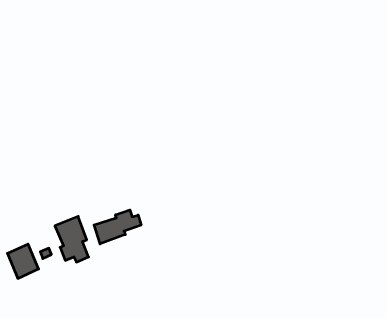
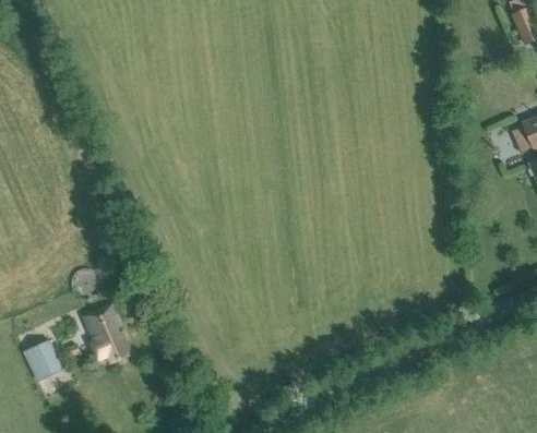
building: [94,210,141,244] -> none

